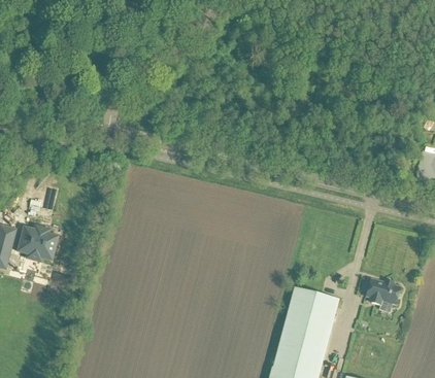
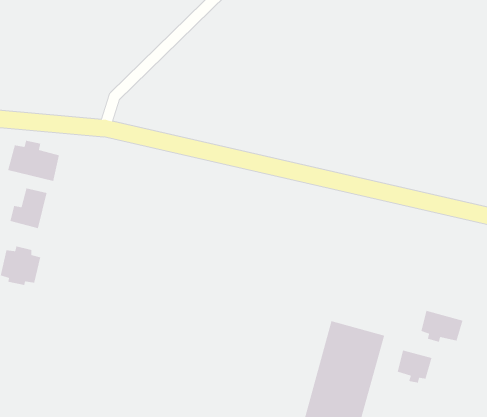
building: none -> [7,140,60,182]
building: none -> [397,349,433,384]

